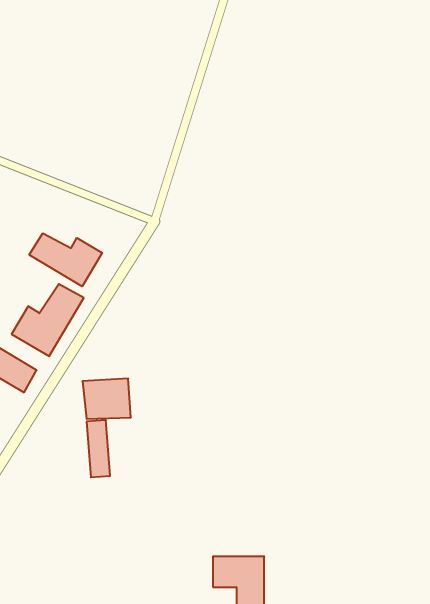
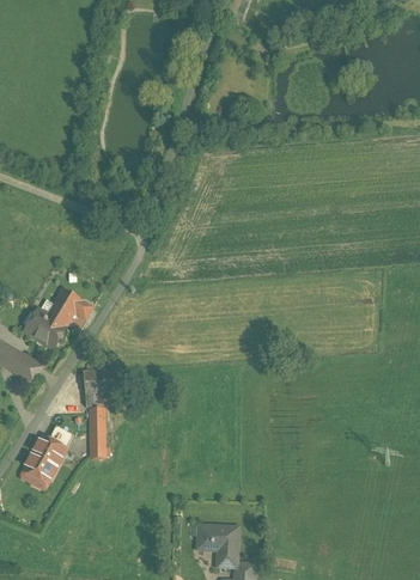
building: [29,233,102,286] -> none
building: none -> [18,433,68,490]

